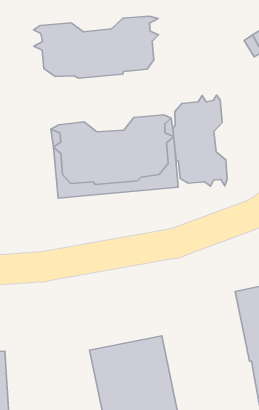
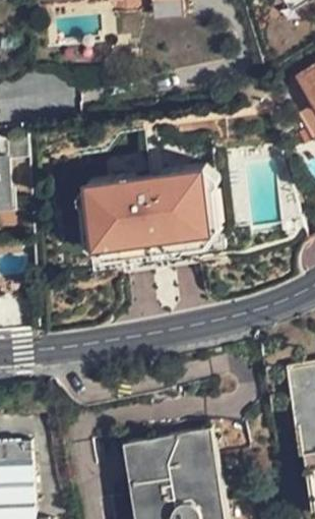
building: [33,16,159,78] -> none
building: [173,95,227,186] -> none

